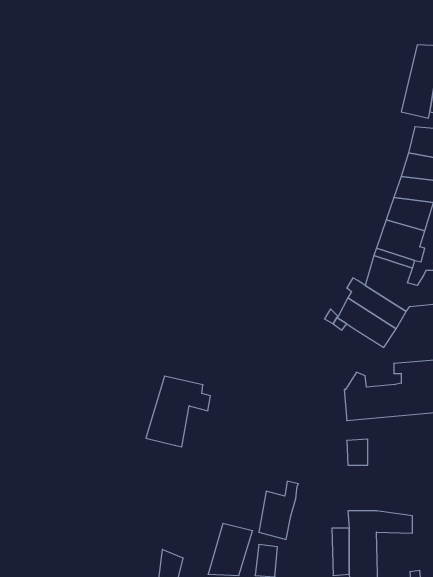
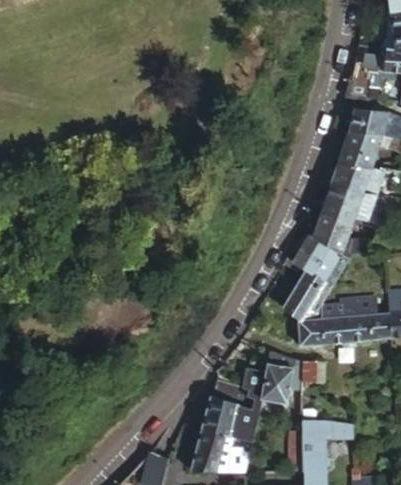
building: none -> [284,272,331,321]
building: [146,376,210,447] -> [201,379,253,436]
building: none -> [261,351,296,404]

